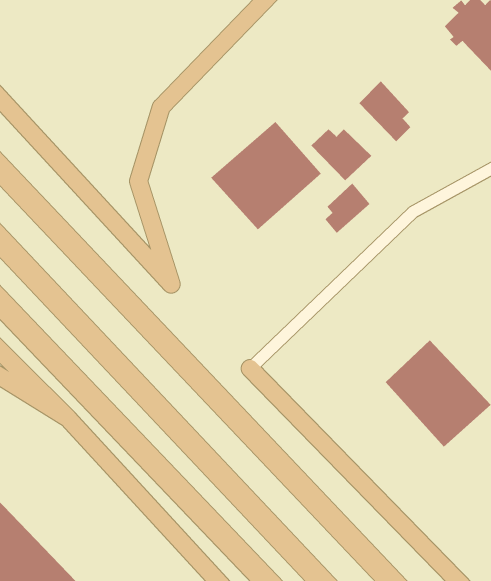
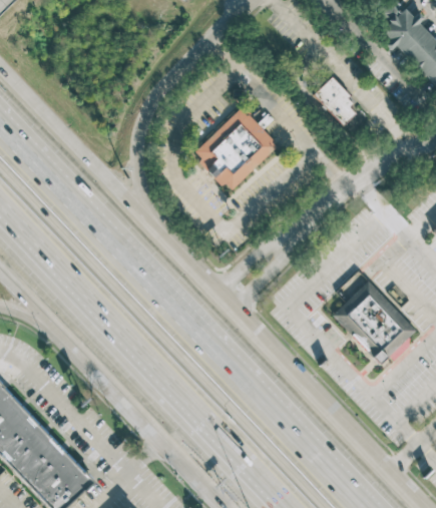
building: [310,129,372,181] -> none
building: [325,183,371,234] -> none

